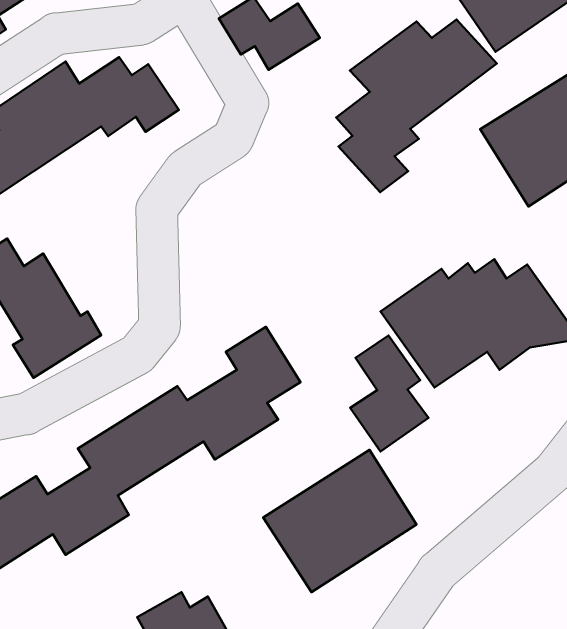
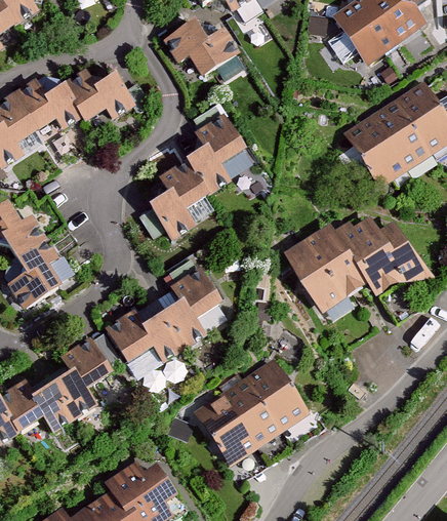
building: [336,19,497,192] -> none
building: none -> [146,114,243,241]
building: [350,335,428,452] -> none

